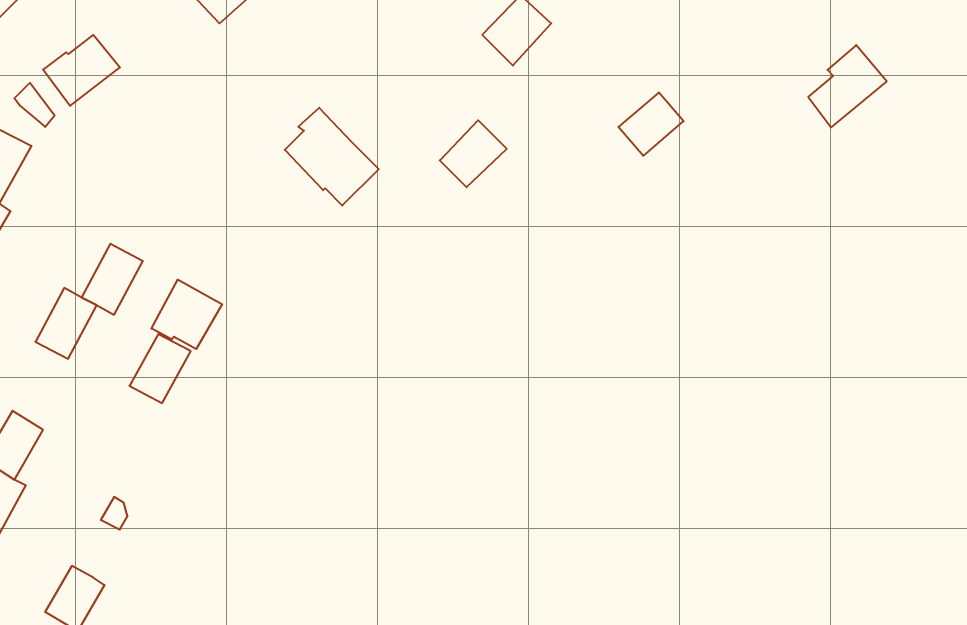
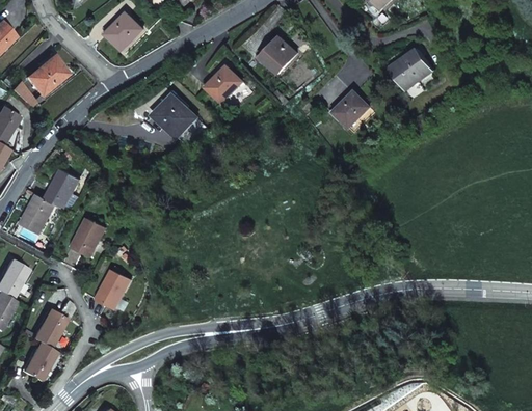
building: [808,45,887,127] -> [393,48,435,92]
building: [440,120,507,187] -> [207,65,243,102]
building: [151,280,222,349] -> none
building: none -> [96,269,130,309]
building: none -> [34,317,64,350]

